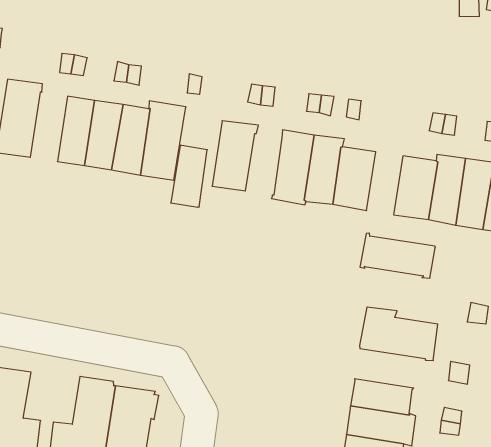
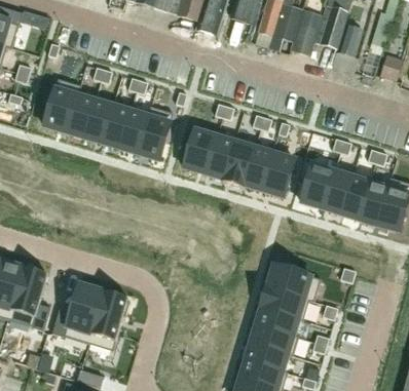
building: none -> [67,90,97,138]
building: [171,145,207,207] -> [206,136,234,179]
building: [360,233,435,278] -> [258,285,309,320]

